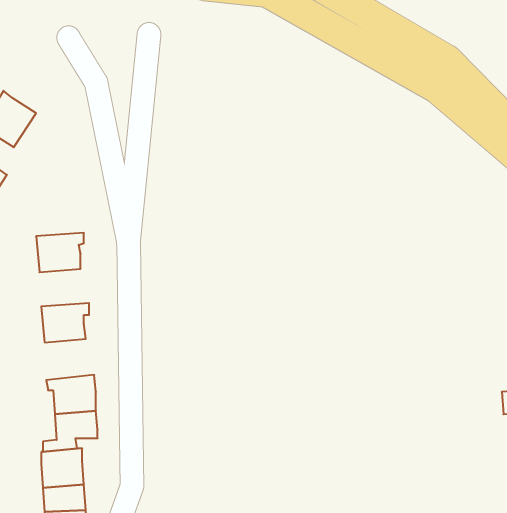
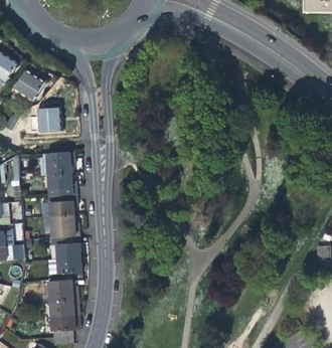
building: none -> [36,107,61,132]
building: none -> [46,173,75,195]
building: none -> [49,214,78,238]

